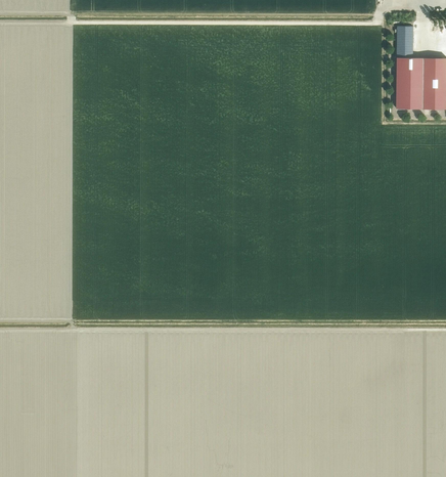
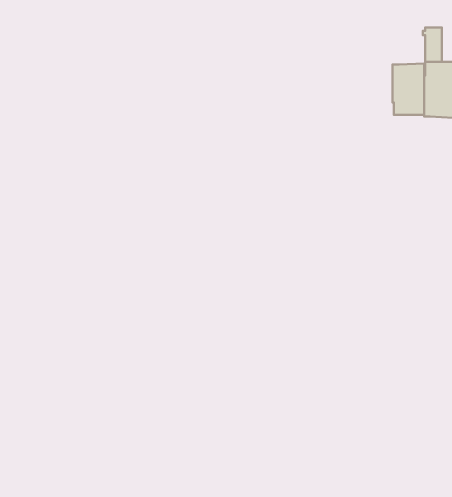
building: none -> [393,63,424,115]

